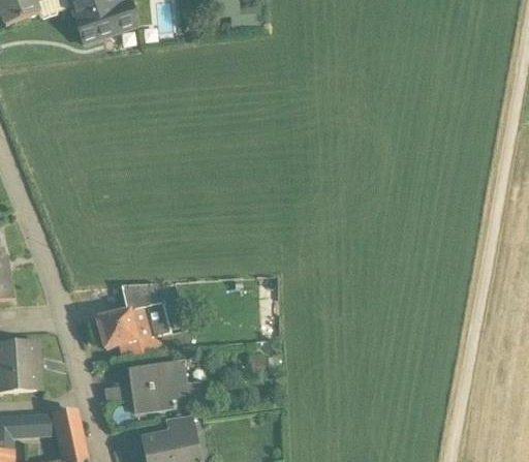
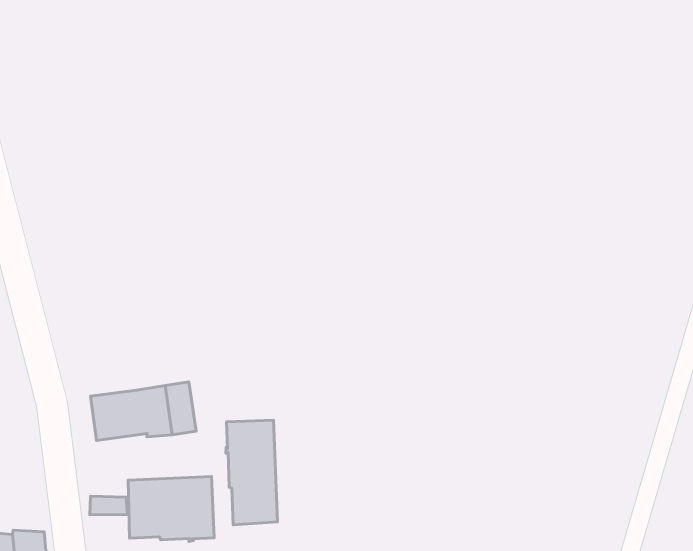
building: [121,282,161,310] -> none
building: none -> [226,420,278,525]

